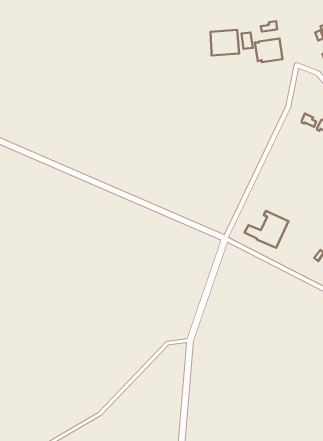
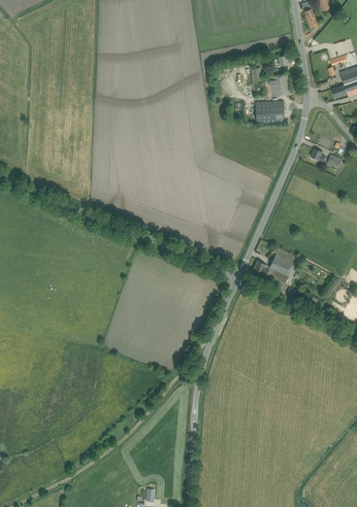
building: [210,30,239,56] -> [255,101,284,127]

